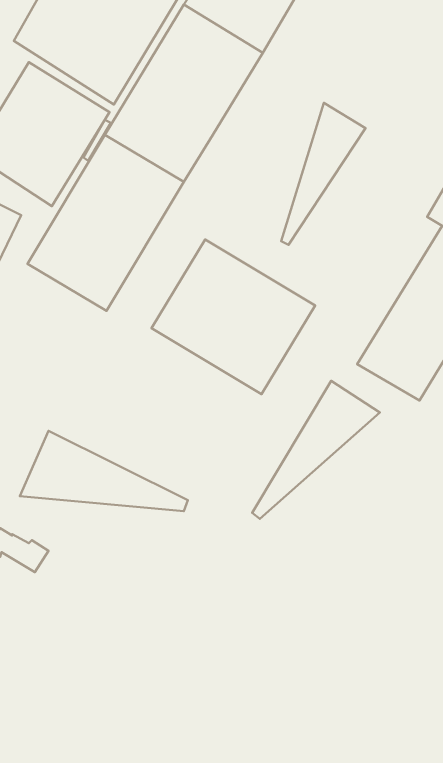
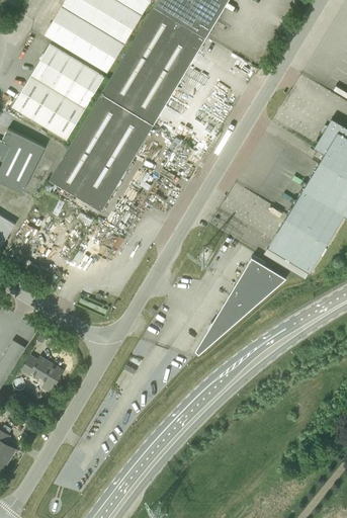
building: [281,103,366,245] -> none
building: [152,239,315,394] -> none
building: [20,431,188,511] -> none

